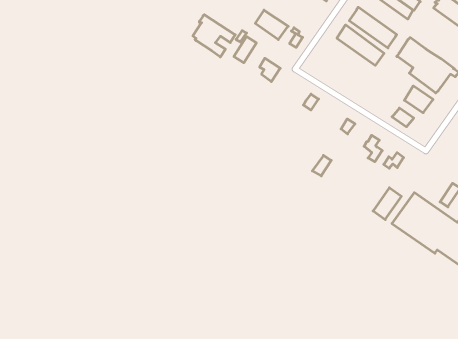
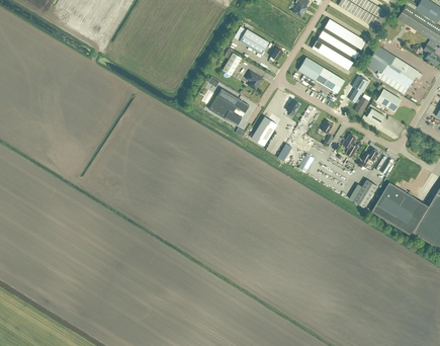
building: [193,15,235,57] -> [211,90,249,126]
building: none -> [297,57,345,93]
building: none -> [348,75,368,113]
building: none -> [251,116,277,146]

